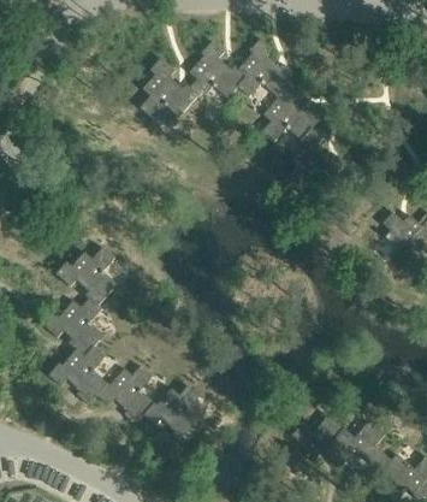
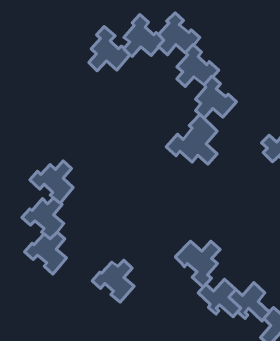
building: none -> [166,115,217,164]
building: none -> [175,241,220,287]
building: [96,366,154,425] -> none

